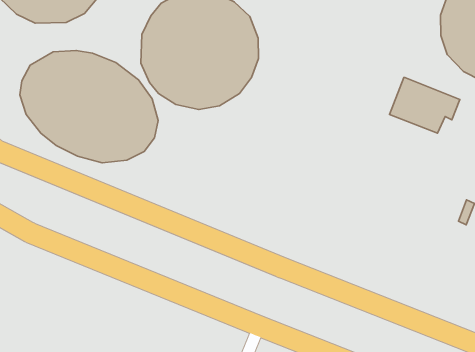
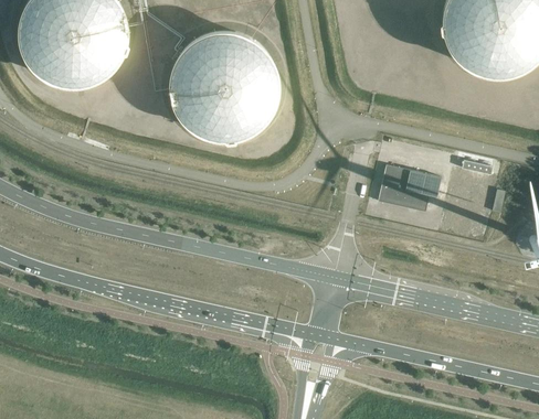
building: [20,51,158,163] -> none
building: [389,77,460,133] -> [377,164,440,211]

